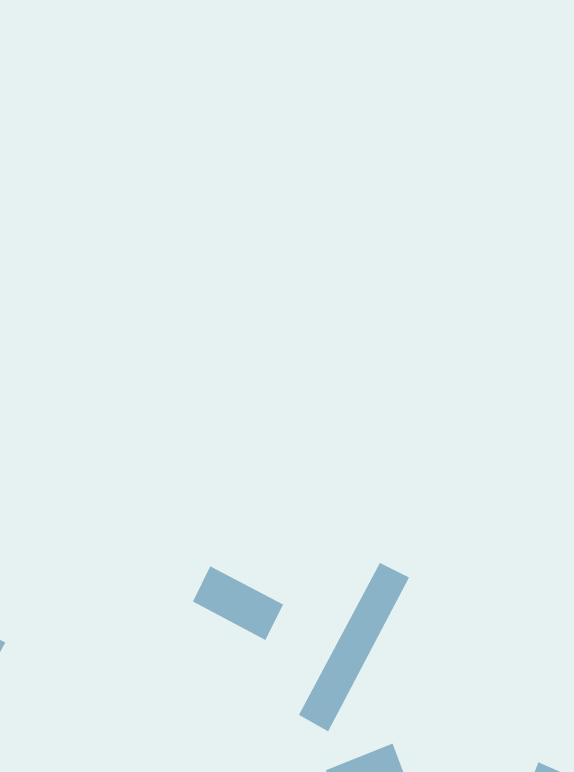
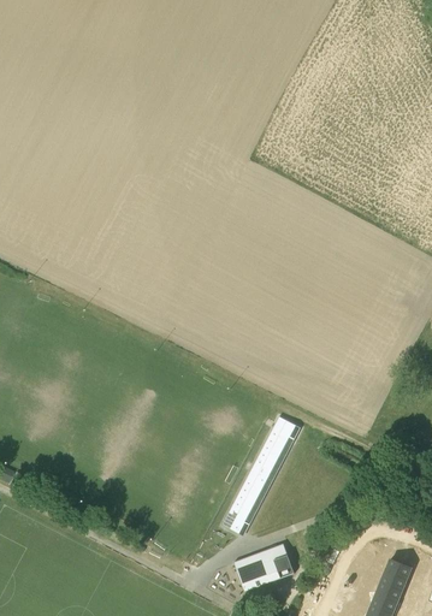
building: [192,565,284,641] -> none

